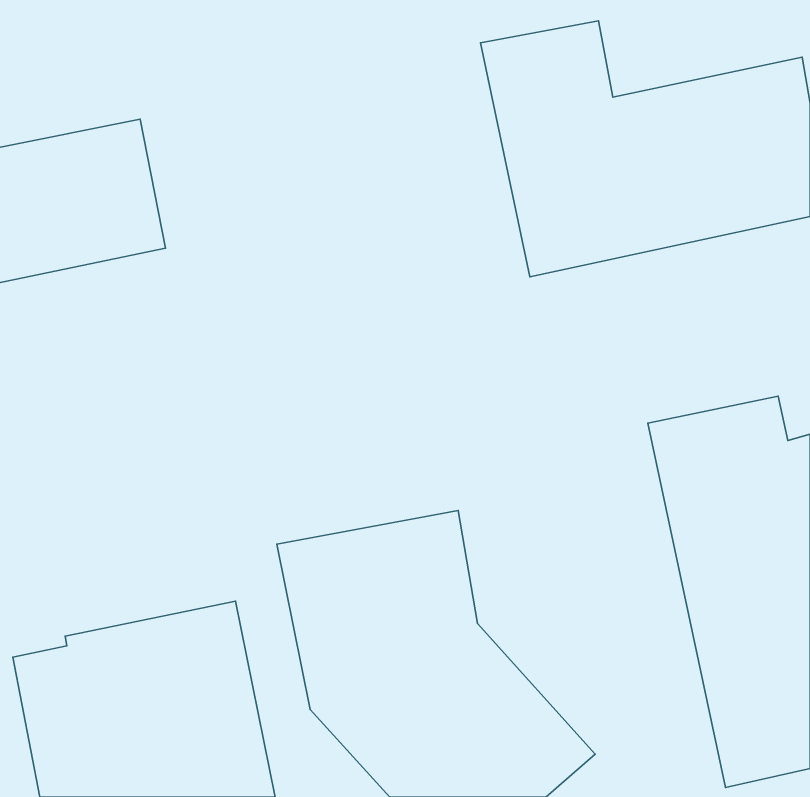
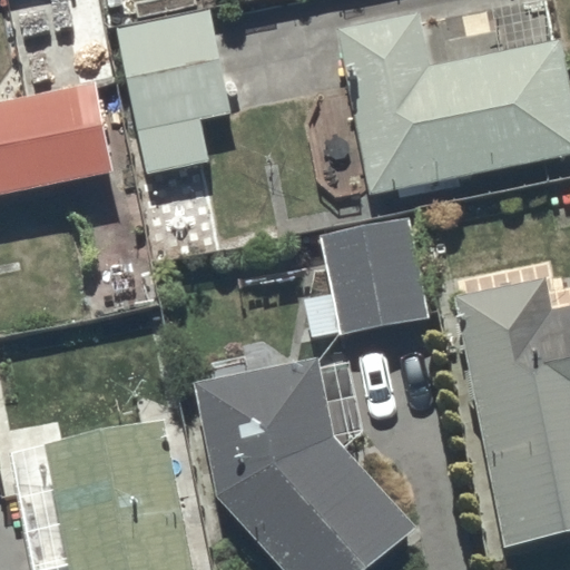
building: none -> [119,8,232,170]
building: none -> [304,216,430,335]

